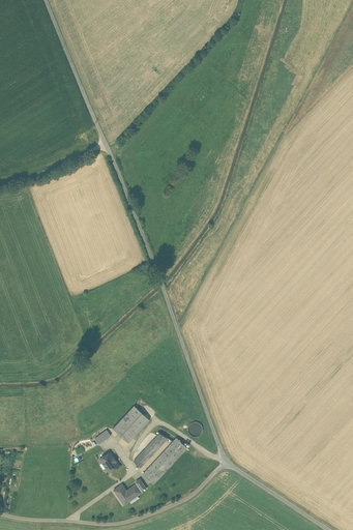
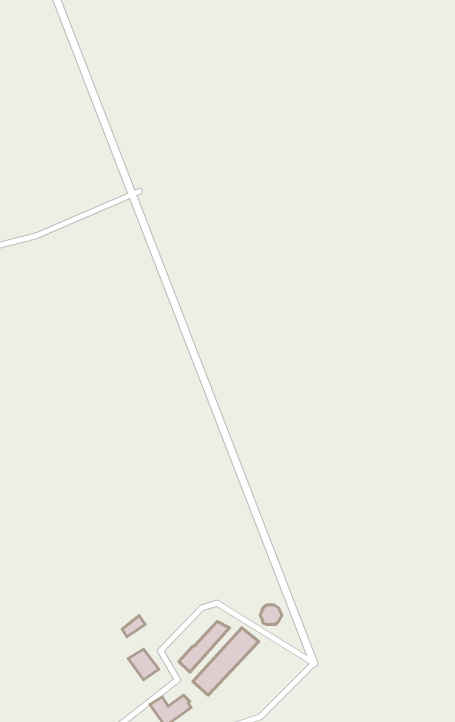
building: [113,406,149,442] -> none

